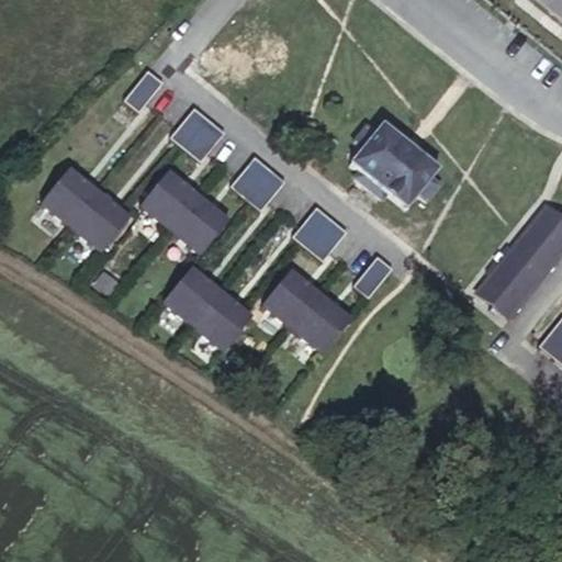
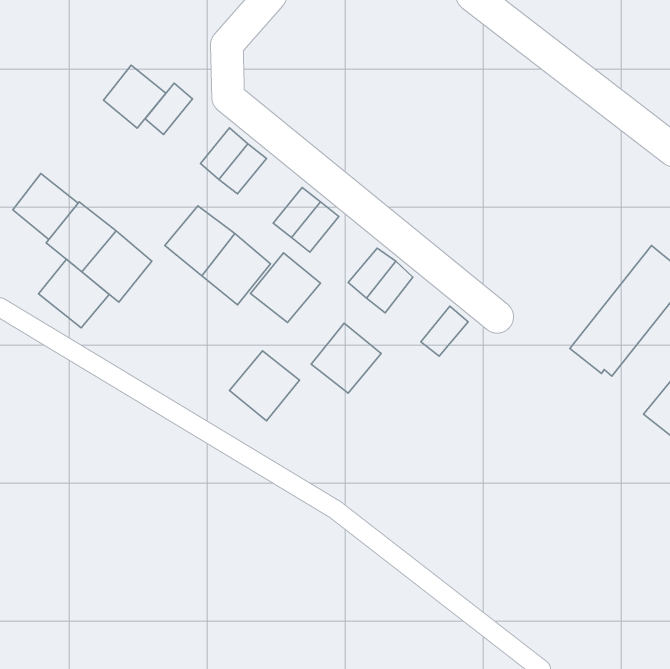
building: none -> [104,65,166,128]
building: [351,124,440,206] -> none
building: none -> [13,174,78,240]
building: none -> [39,259,109,328]
building: [164,267,222,325] -> [251,253,321,323]
building: [293,294,351,352] -> none

